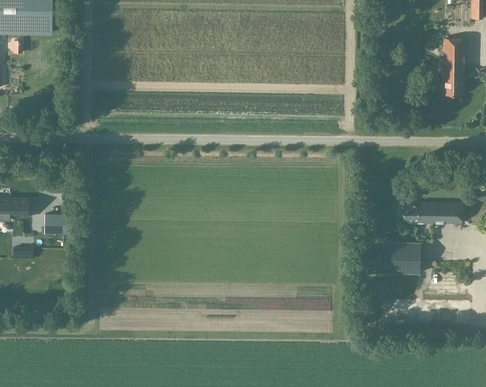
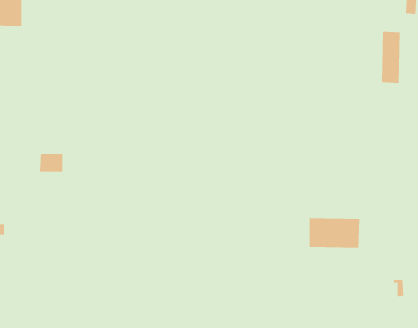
building: [403,203,462,223] -> none
building: [44,214,70,234] -> [39,154,63,172]

